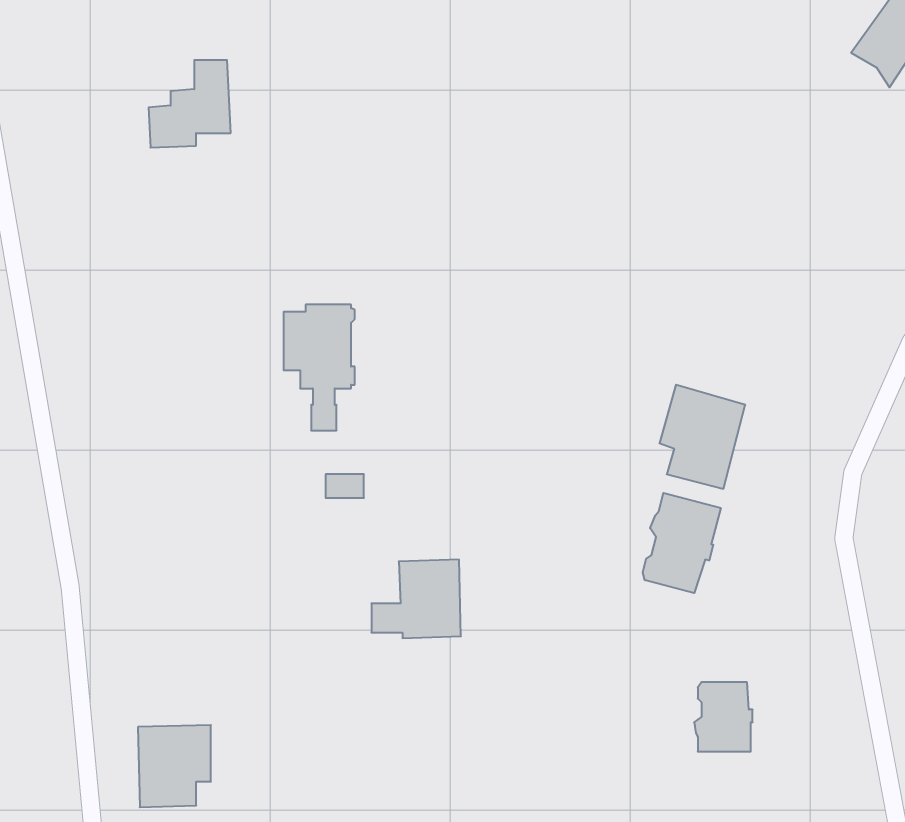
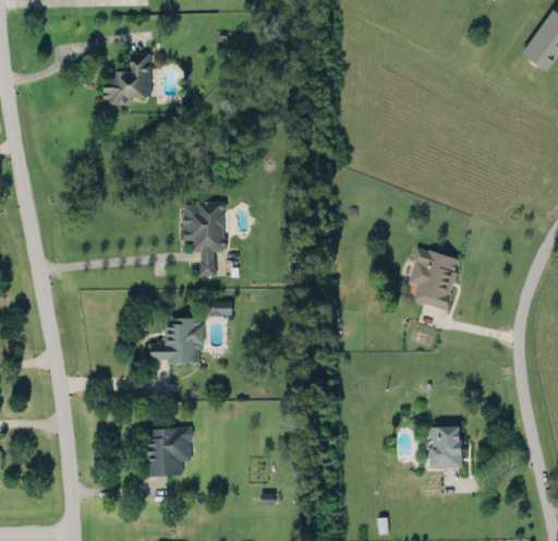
building: [643,493,721,593] -> none
building: [371,560,461,638] -> [148,317,202,364]
building: [138,725,211,807] -> [147,428,191,477]

